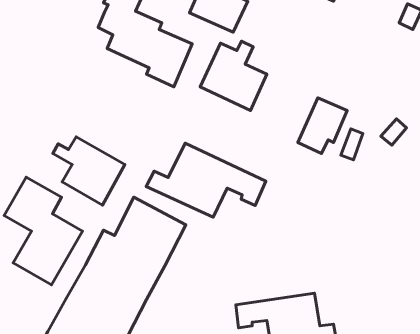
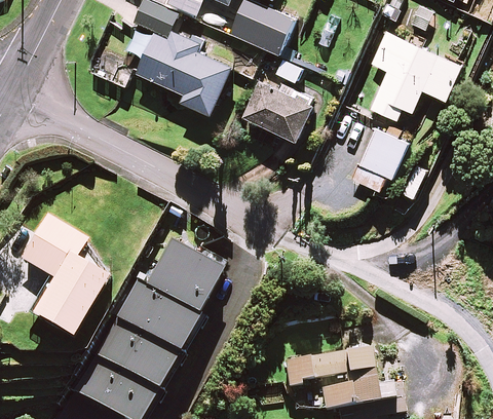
building: none -> [370,31,463,119]
building: [53,137,125,205] -> none
building: [146,143,266,217] -> none

